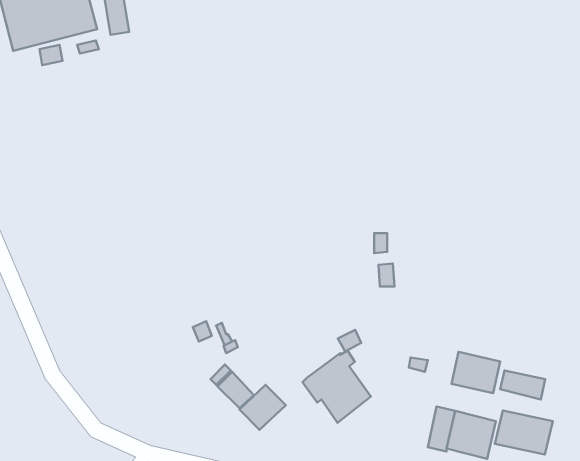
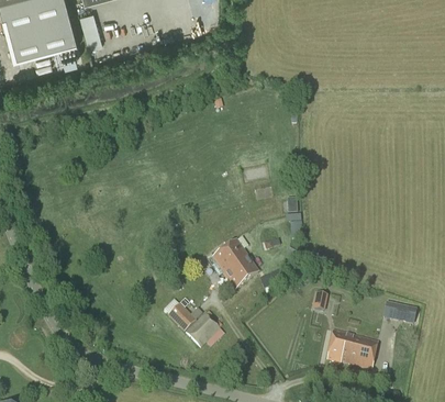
building: [303,350,371,423] -> [208,234,259,289]
building: [452,352,500,393] -> none
building: [495,410,553,454] -> none

